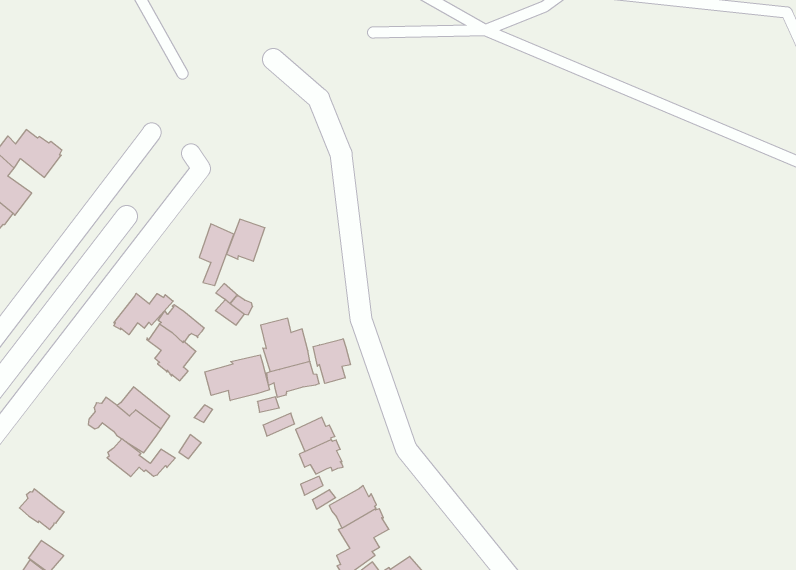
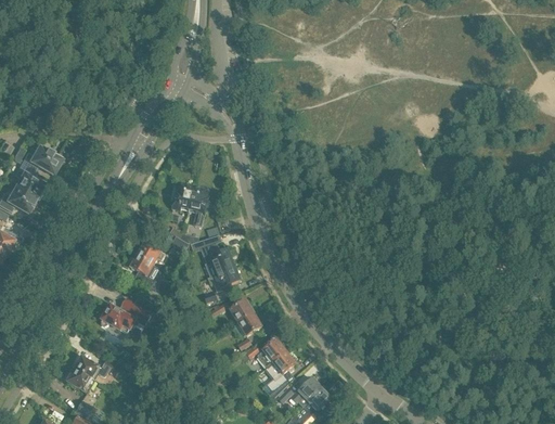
building: [199,224,234,286] -> [190,187,209,224]
building: [114,293,173,335] -> none
building: [313,339,350,383] -> none
building: [205,355,269,401] -> none
building: [107,439,175,477] -> [73,355,115,377]

